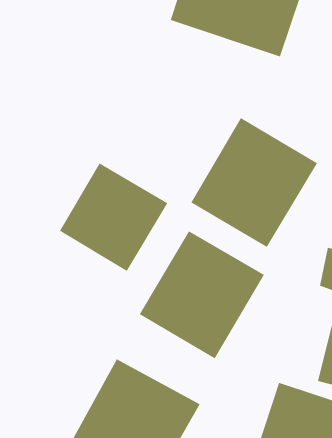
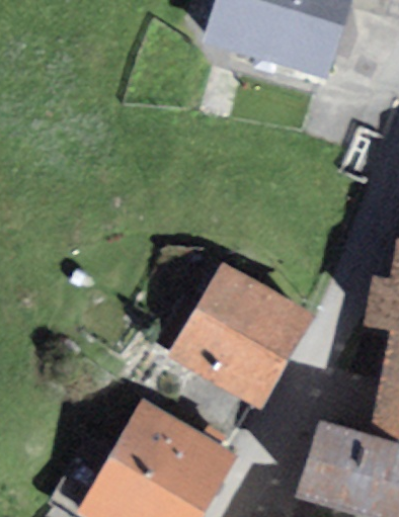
building: [190,117,318,248] -> none
building: [59,162,168,272] -> none

